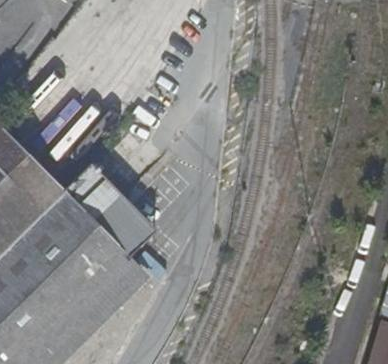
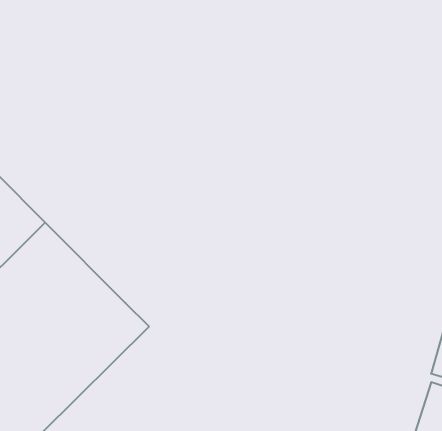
building: [66,167,157,258] -> none

